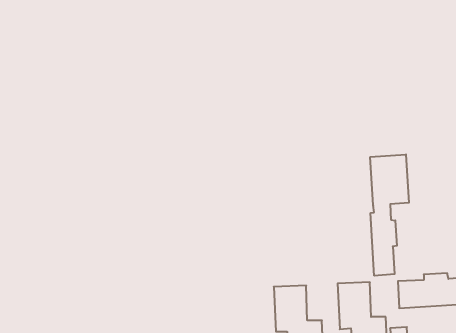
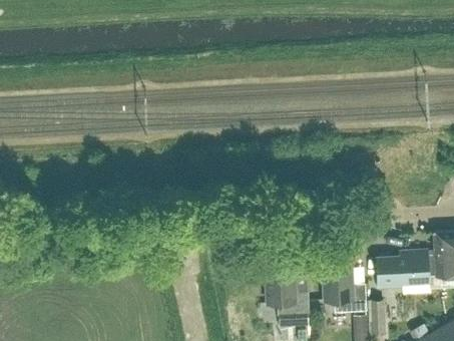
building: [370,154,409,276] -> none

